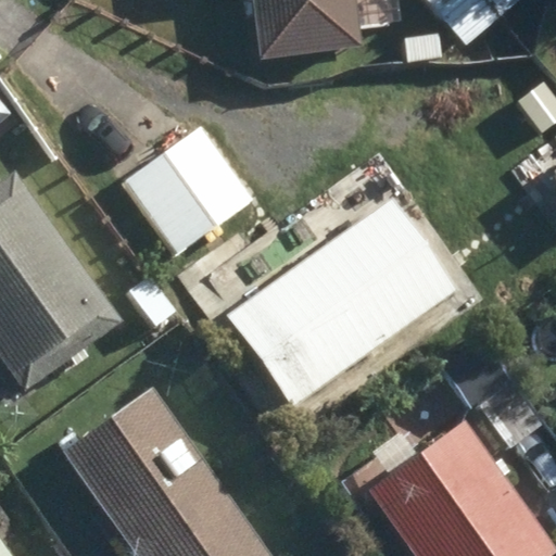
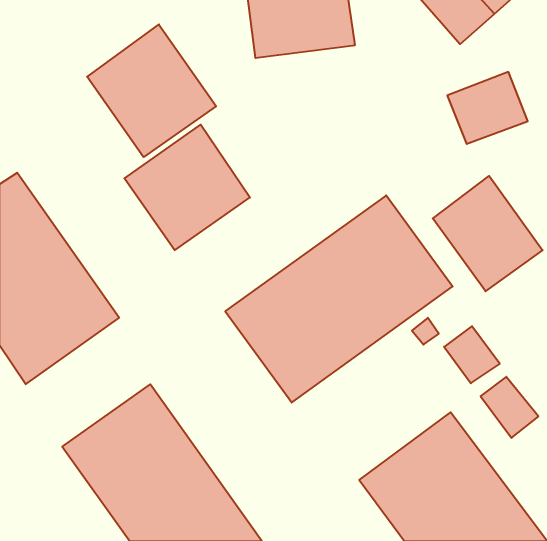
building: none -> [87,24,216,157]
building: none -> [433,176,543,291]

